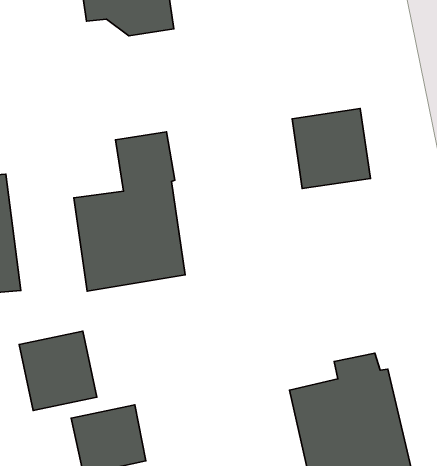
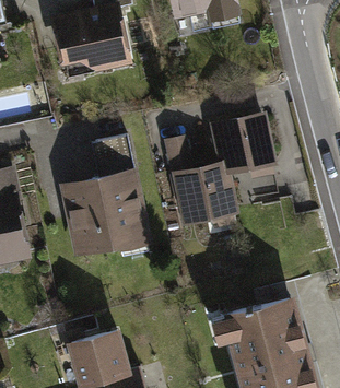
building: none -> [166,137,234,221]
building: [19,331,97,410] -> none

